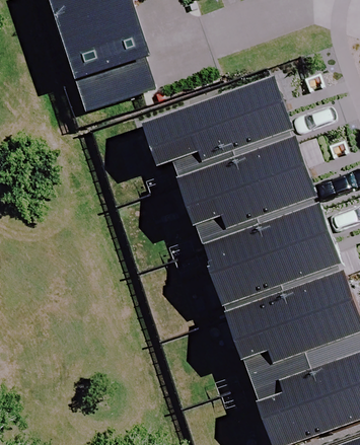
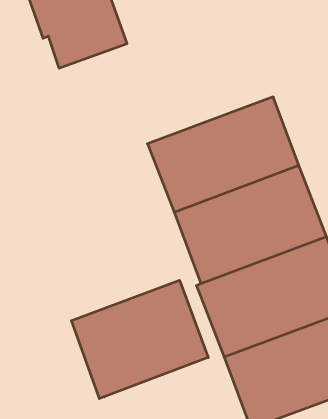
building: [141,76,294,177] -> none
building: none -> [71,280,208,399]

